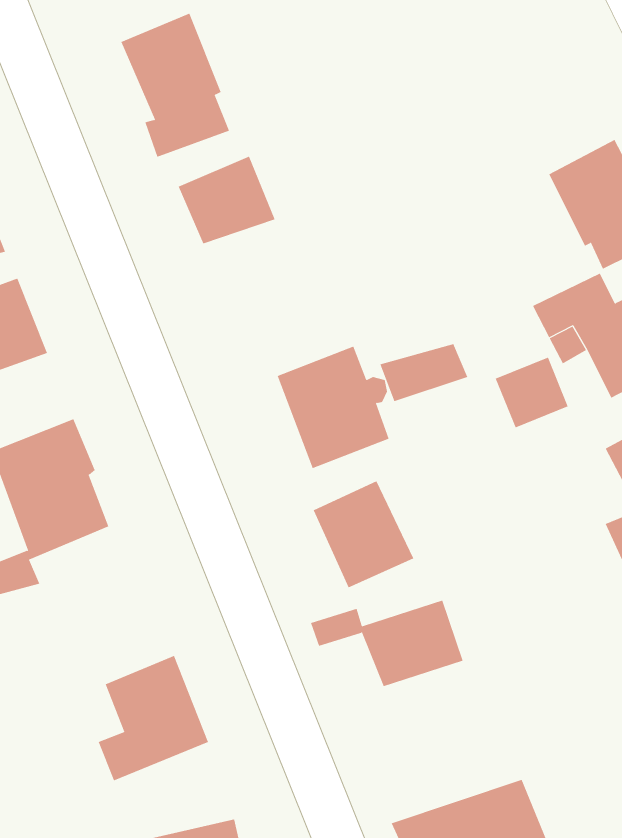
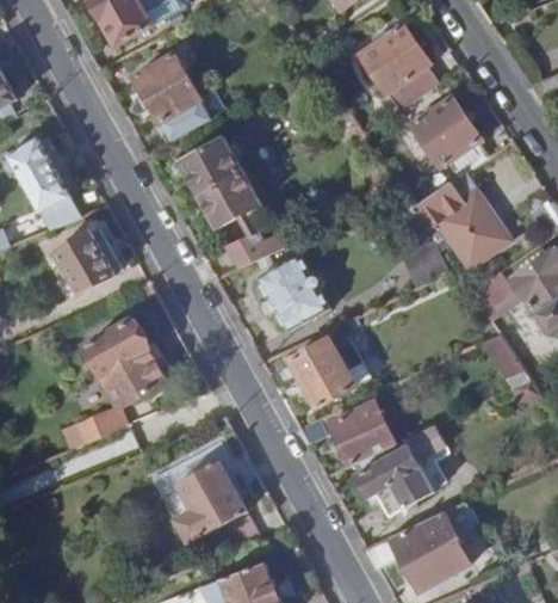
building: none -> [359,23,440,110]
building: none -> [200,174,261,228]
building: [380,343,468,402] -> [229,224,286,266]
building: none -> [355,422,446,513]

